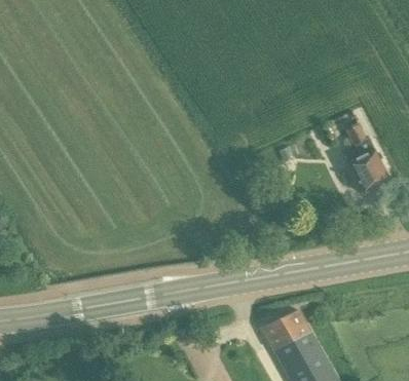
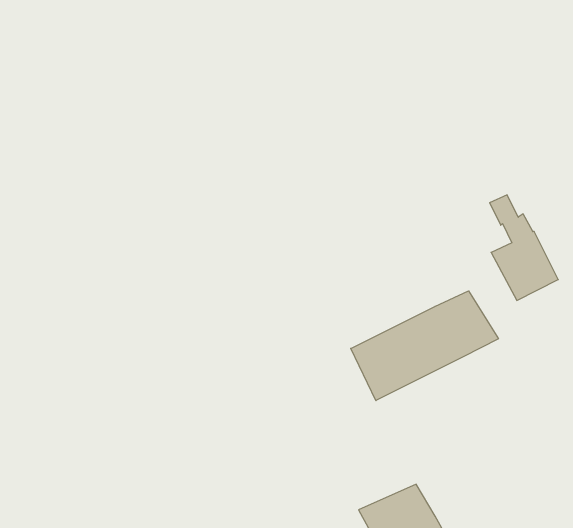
building: none -> [351,291,498,401]

